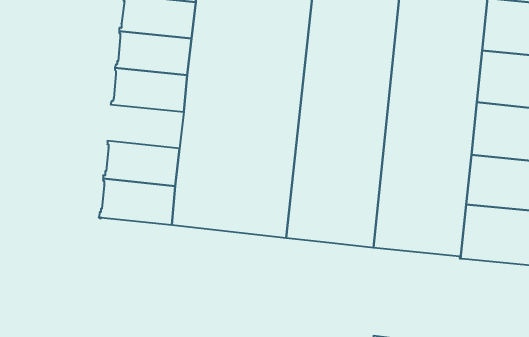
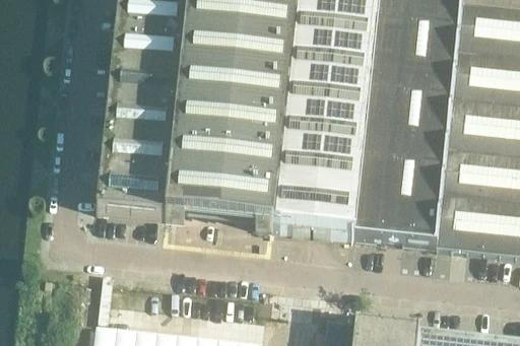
building: none -> [111,103,183,145]

